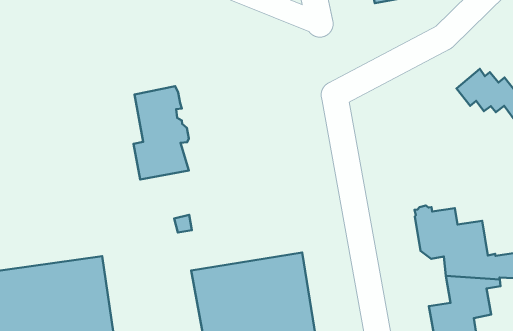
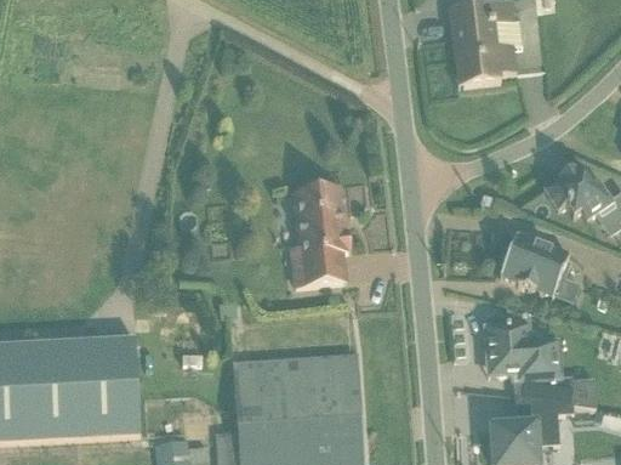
building: [134,86,189,179] -> [289,186,351,285]
building: none -> [500,231,579,299]

